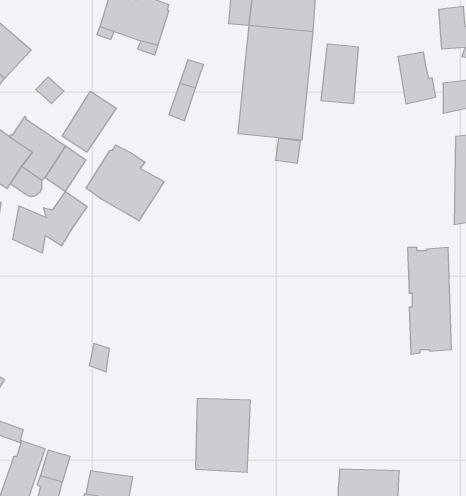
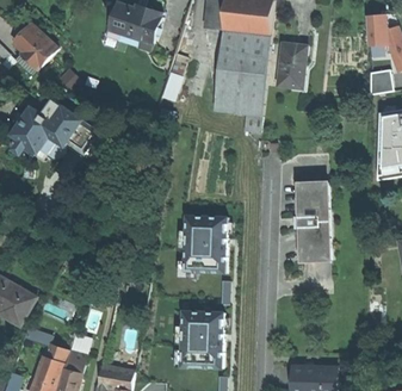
building: [398,52,435,104] -> none
building: [62,91,116,152] -> none
building: [86,145,164,221] -> none
building: [13,191,87,253] -> none
building: [408,248,451,354] -> [296,181,329,262]
building: none -> [185,216,227,272]

